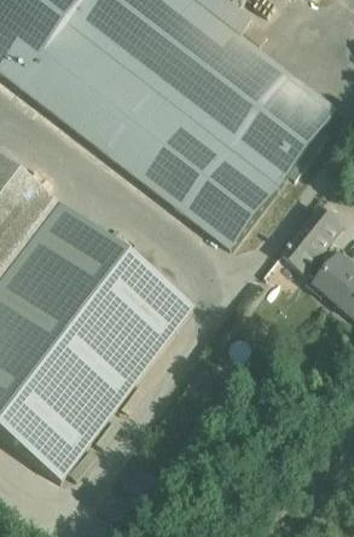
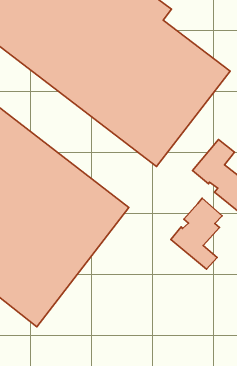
building: none -> [171,198,222,269]

